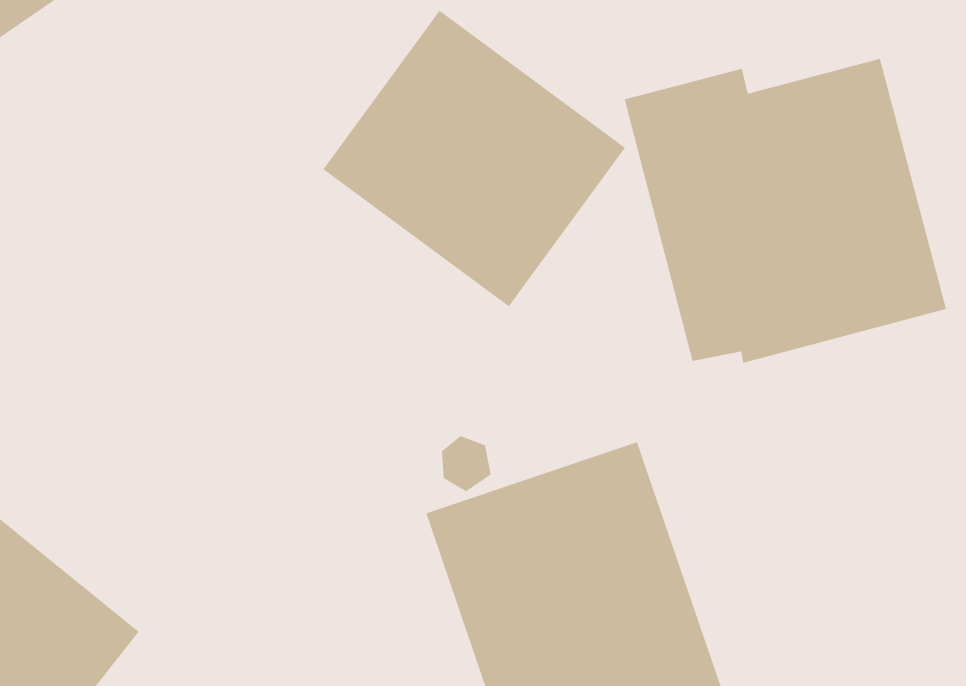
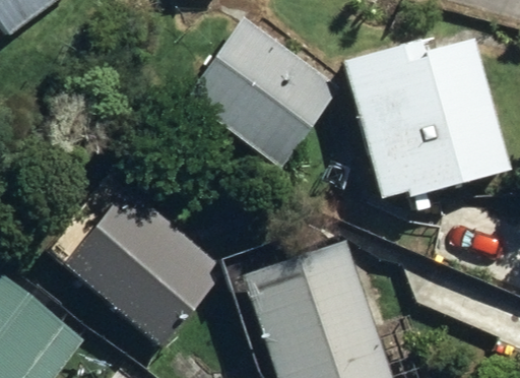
building: none -> [77,190,237,344]

